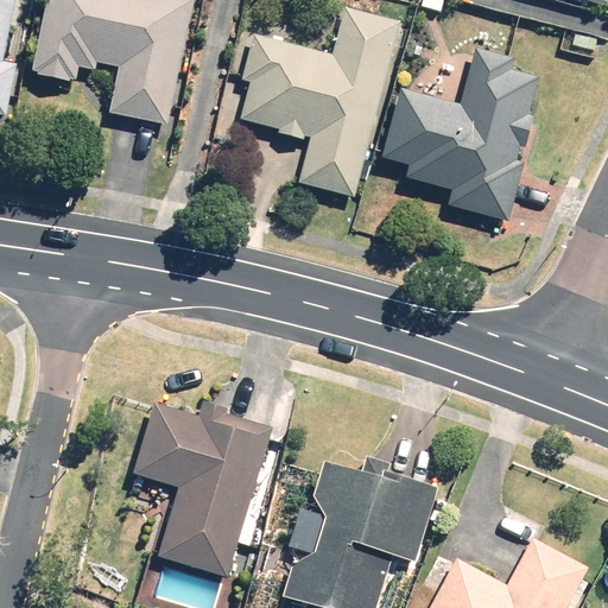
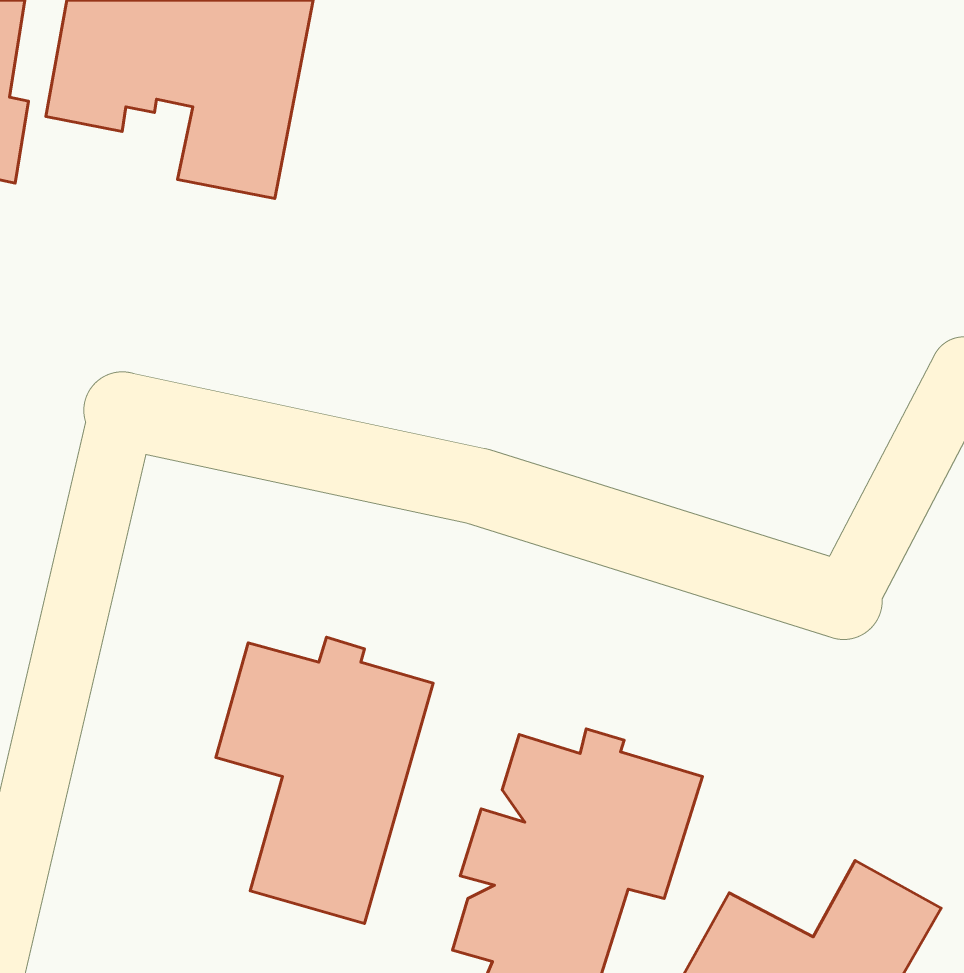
building: [228,11,399,200] -> none
building: [375,49,538,221] -> none

